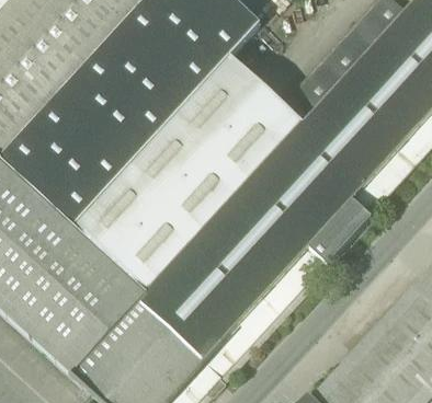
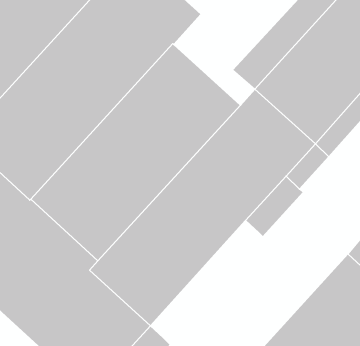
building: [204,247,321,375] -> none

